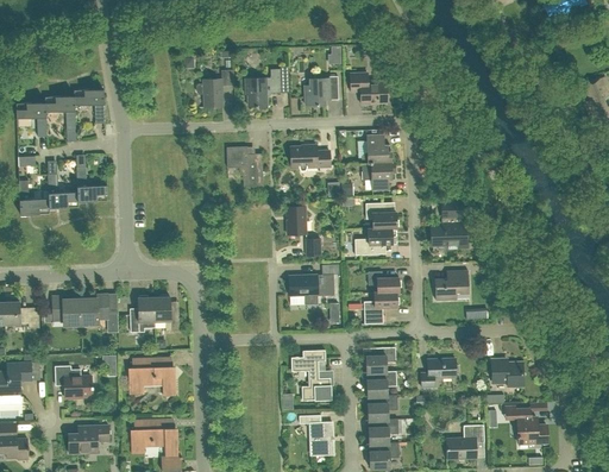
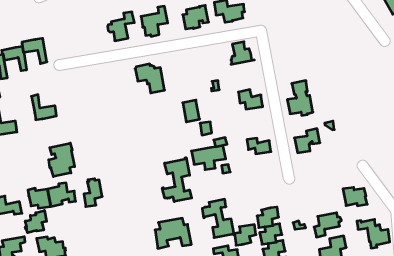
building: [290,145,329,171] -> none
building: [360,162,394,190] -> none
building: [48,174,79,208] -> none
building: [354,228,396,254] -> none
building: none -> [49,143,75,177]
building: none -> [162,158,192,202]
building: [364,292,396,323] -> none
building: [153,294,180,331] -> none
building: none -> [25,210,47,233]
building: [365,347,395,372] -> [234,225,256,245]
building: [128,357,176,395] -> [155,218,191,248]
building: [420,358,459,388] -> [314,213,341,237]

